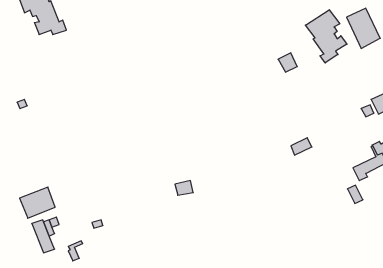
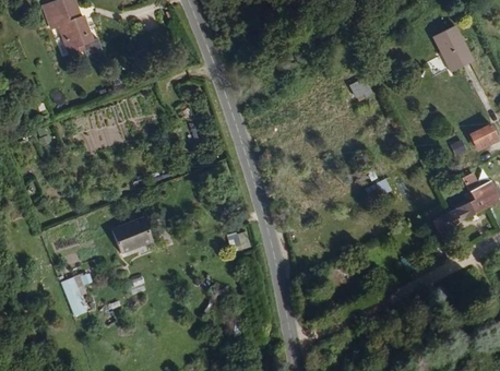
building: [305,10,347,63] -> none
building: [20,187,55,218] -> [108,217,151,254]

